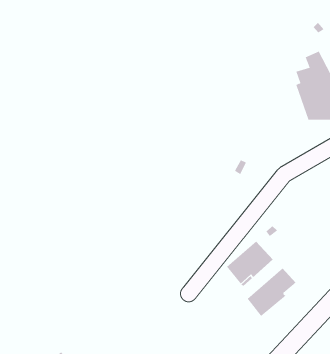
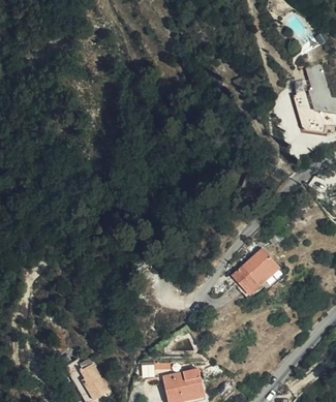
building: [247,268,297,317] -> none

